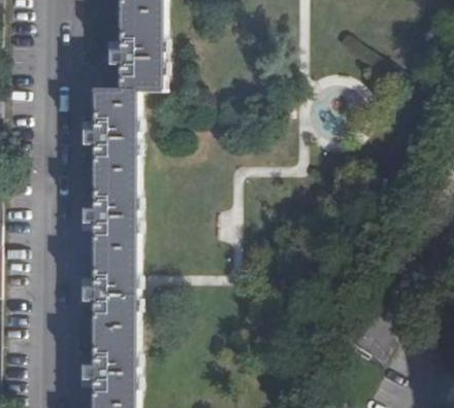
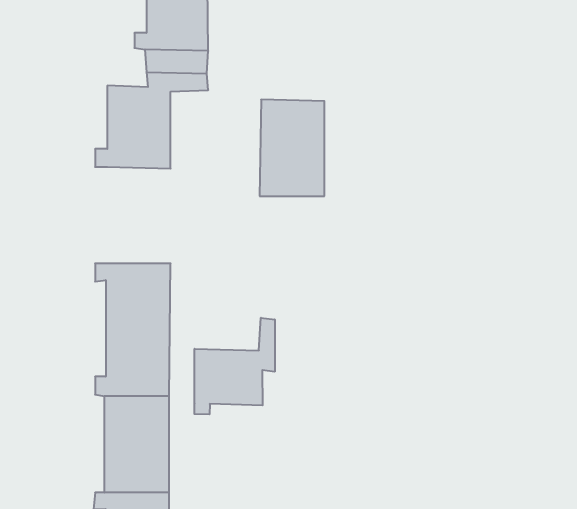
building: [92,144,136,210] -> [260,100,324,196]
building: none -> [194,318,275,414]

